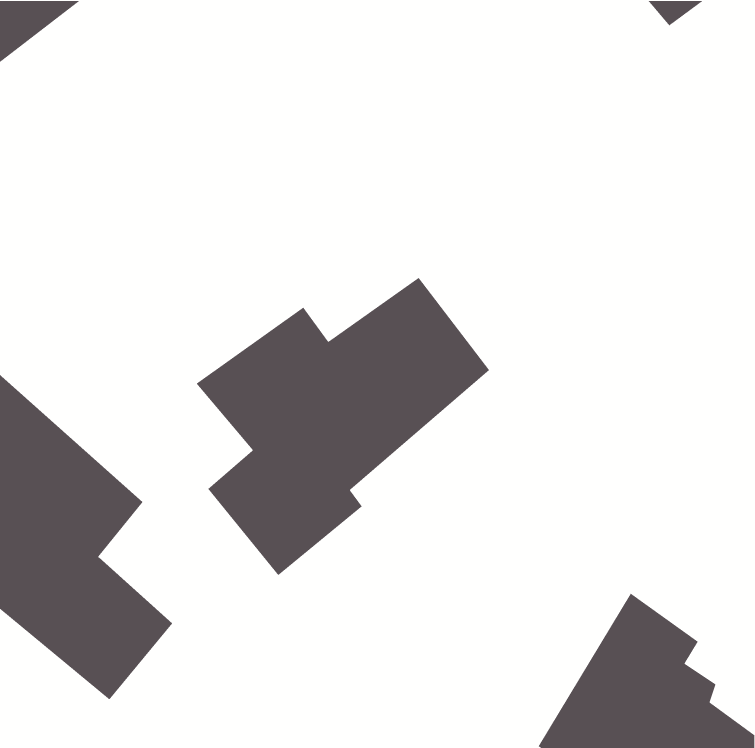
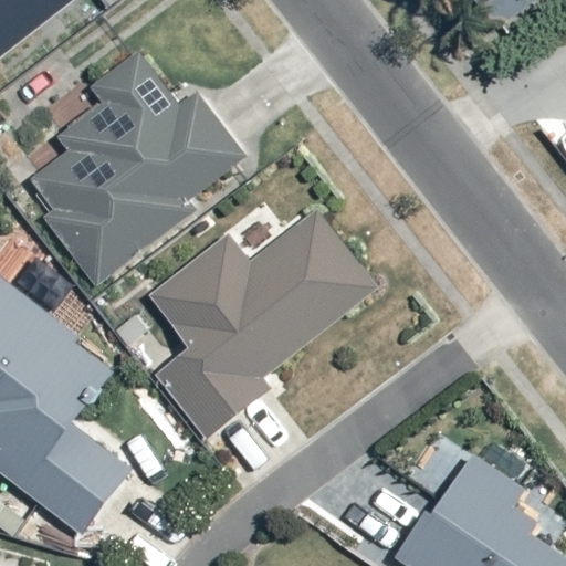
building: none -> [32,52,239,283]

